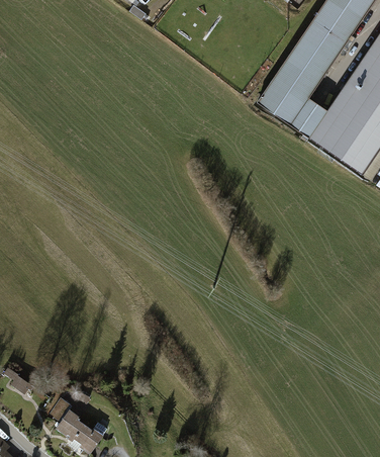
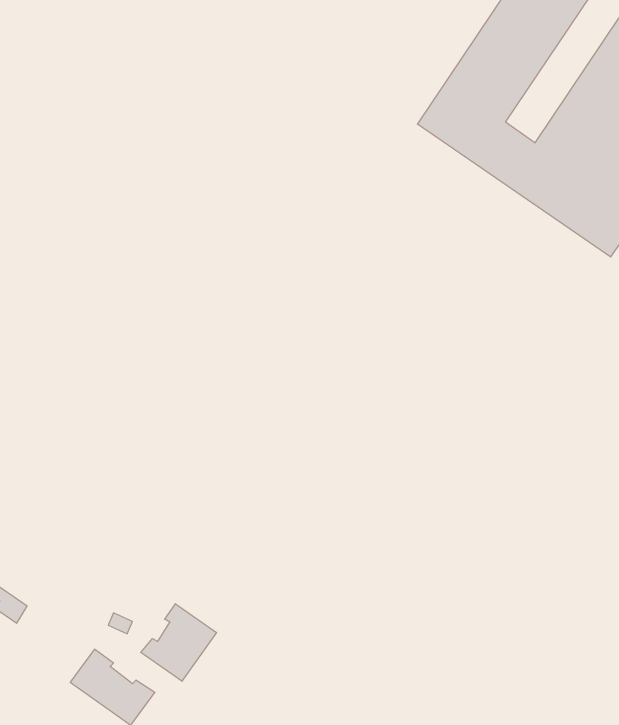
building: none -> [141,604,217,681]

